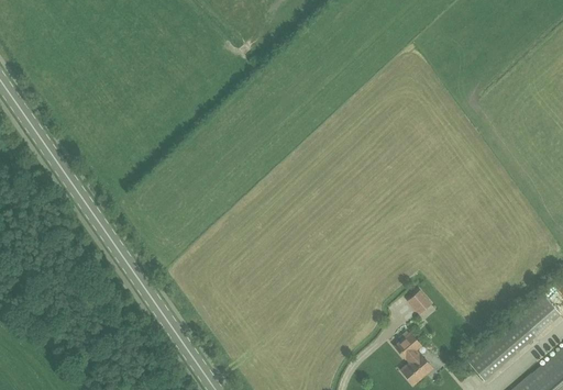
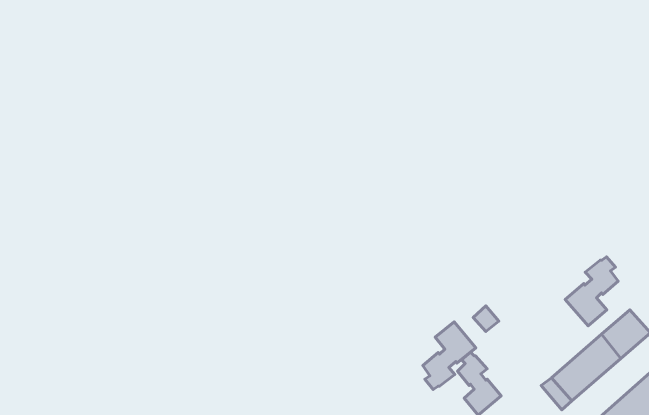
building: none -> [565,257,618,326]
building: none -> [423,322,476,389]

